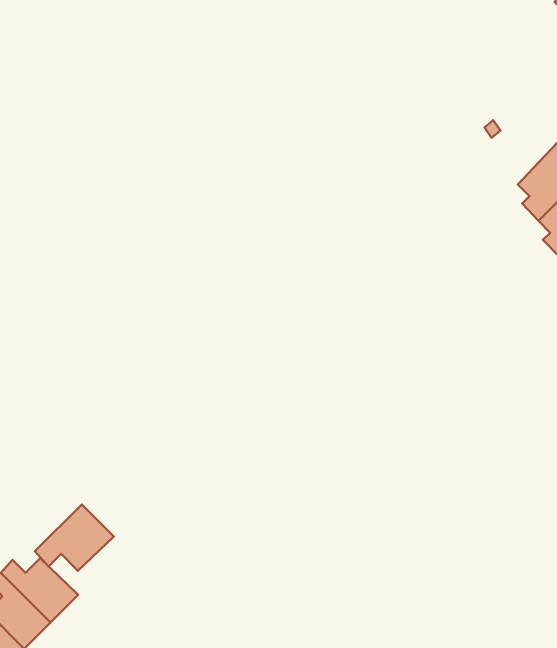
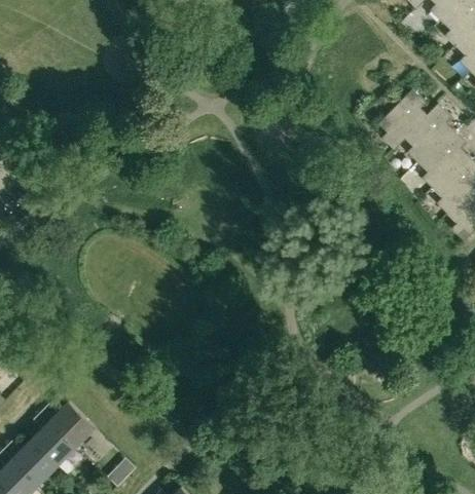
building: none -> [379,90,426,150]
building: [35,504,114,571] -> none

